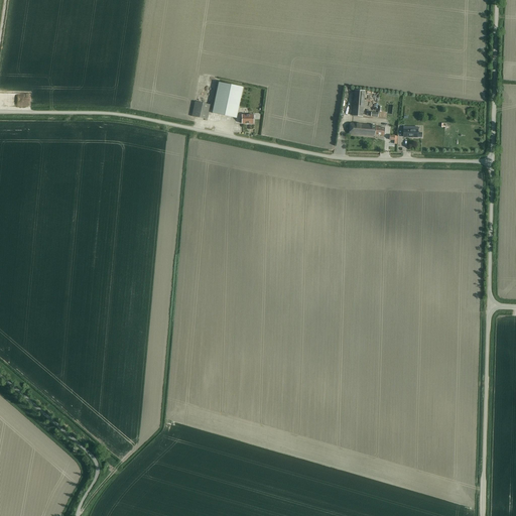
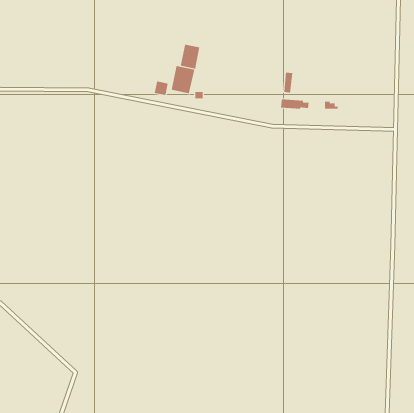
building: none -> [180,44,200,69]

